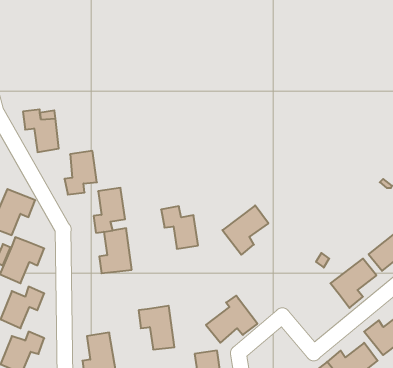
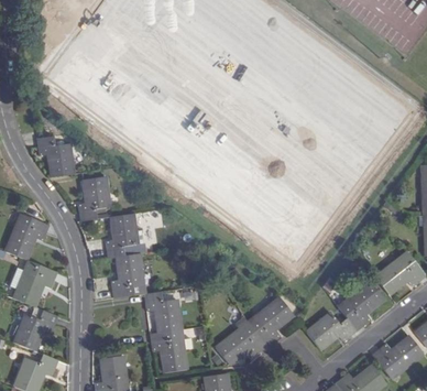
building: [222,205,268,255] -> [248,297,293,346]
building: [161,206,198,249] -> [143,290,179,332]
building: none -> [306,313,357,348]

